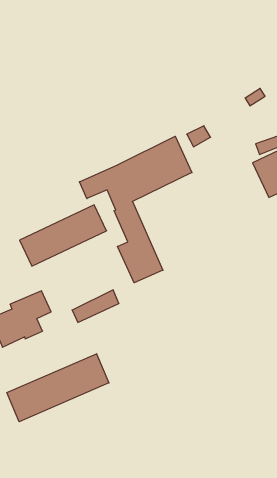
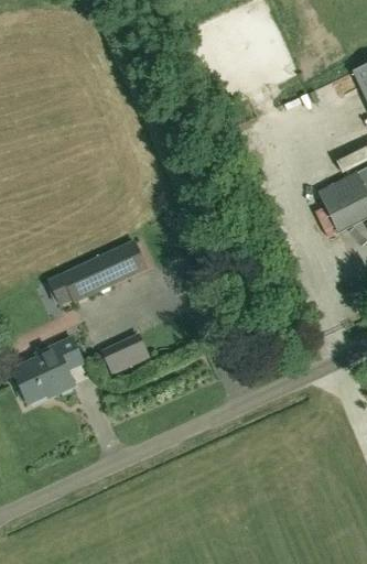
building: [79,136,192,283] -> none
building: [7,354,109,422] -> none

